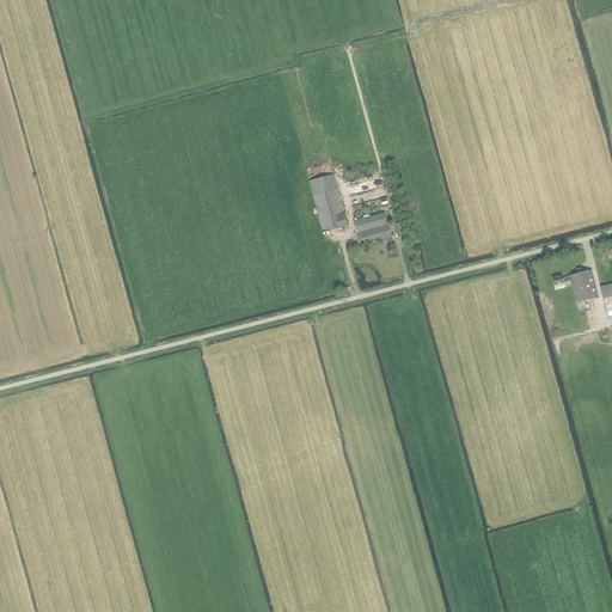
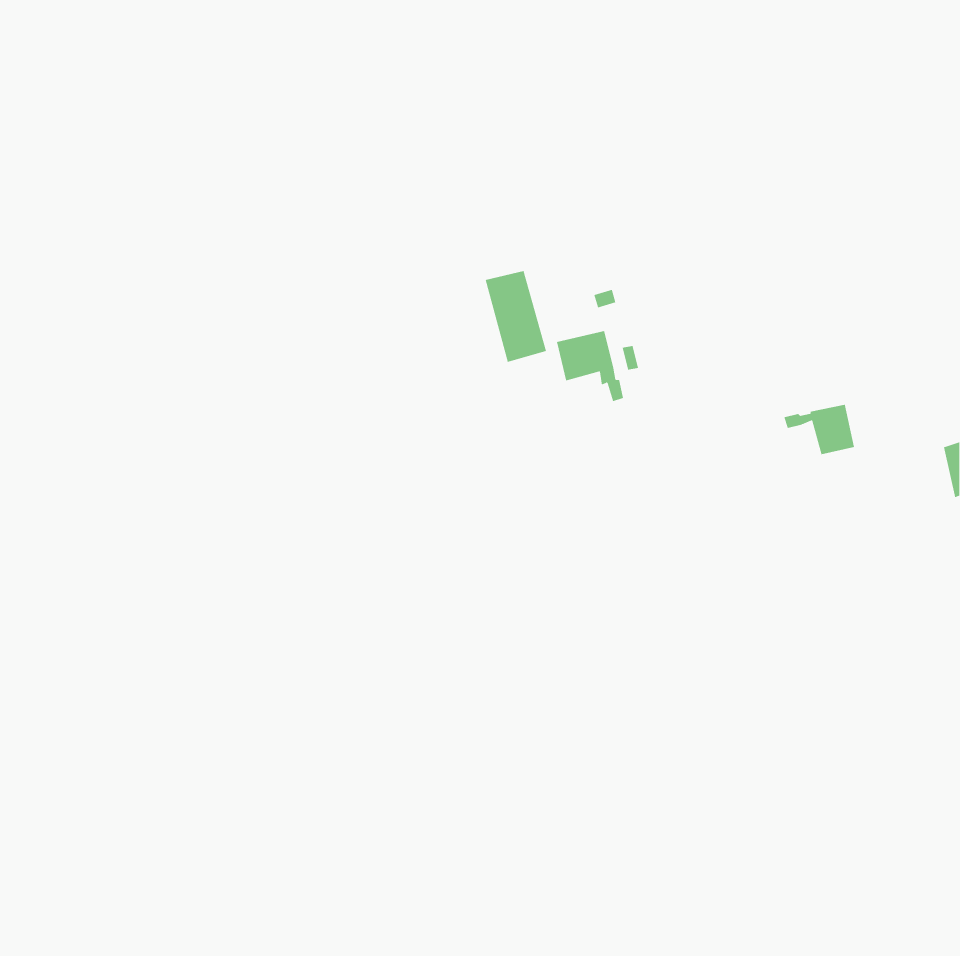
building: [552,268,598,300] -> [783,404,855,455]

